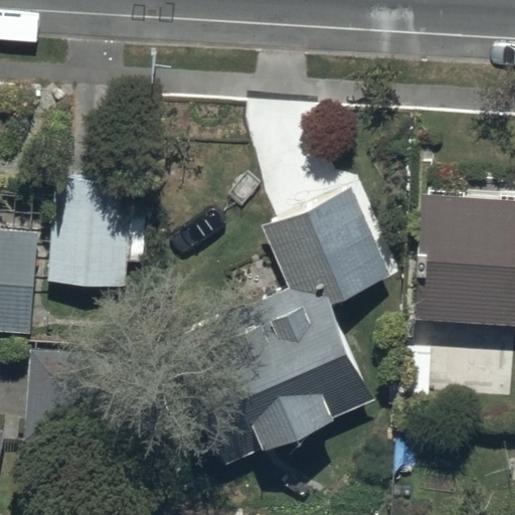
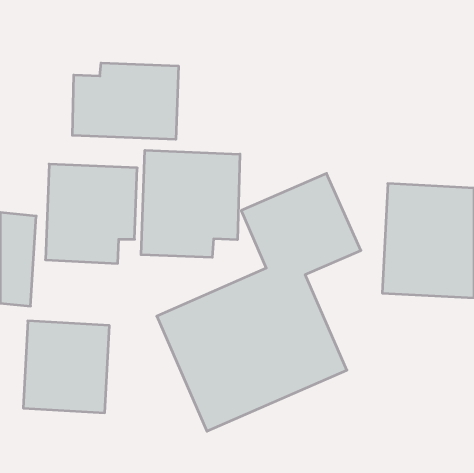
building: none -> [72,63,178,139]
building: none -> [141,150,240,257]

